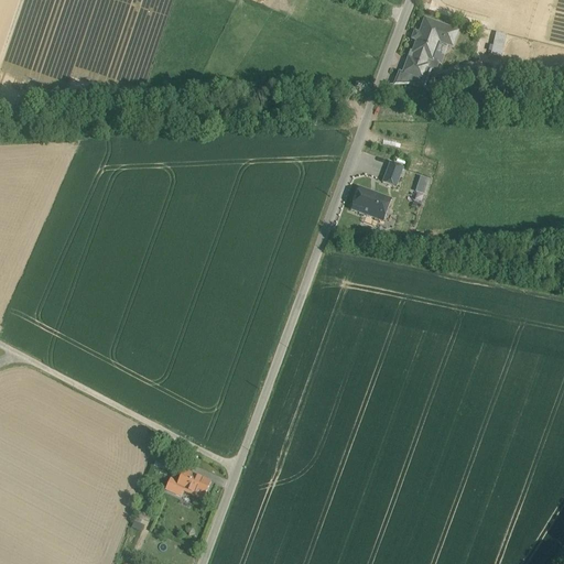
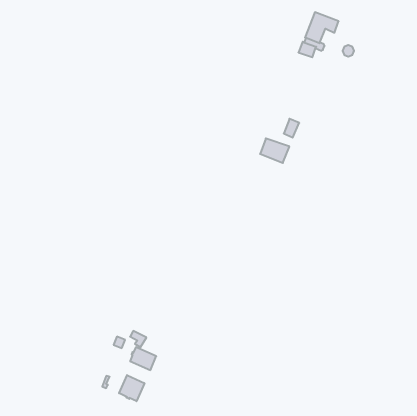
building: none -> [119,375,144,401]

